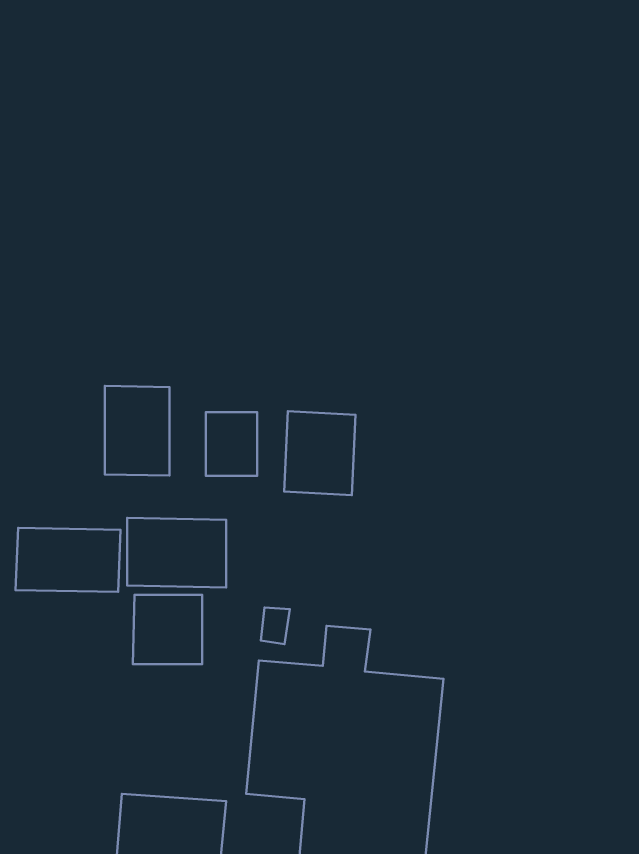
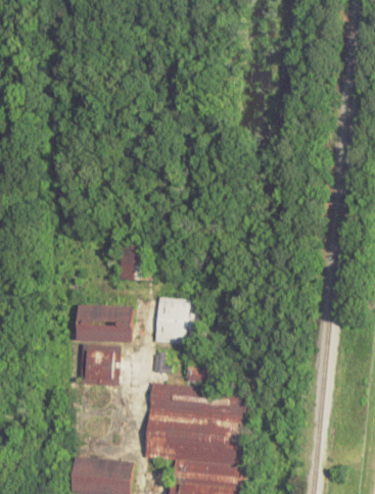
building: [105,386,170,476] -> none
building: [284,411,355,495] -> [153,299,193,346]
building: [16,528,121,592] -> none

